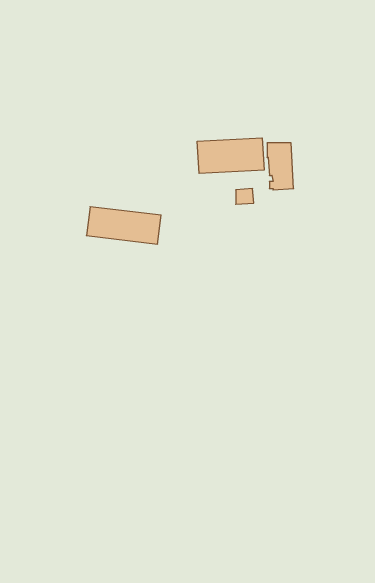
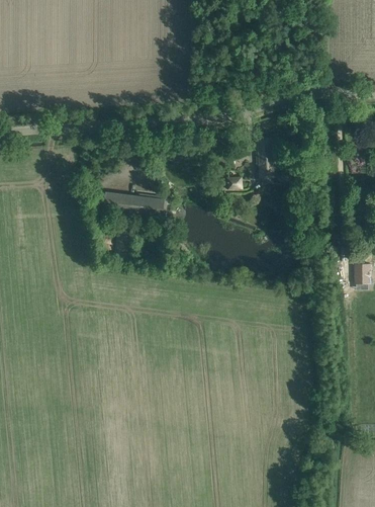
building: [197,138,264,173] -> none

